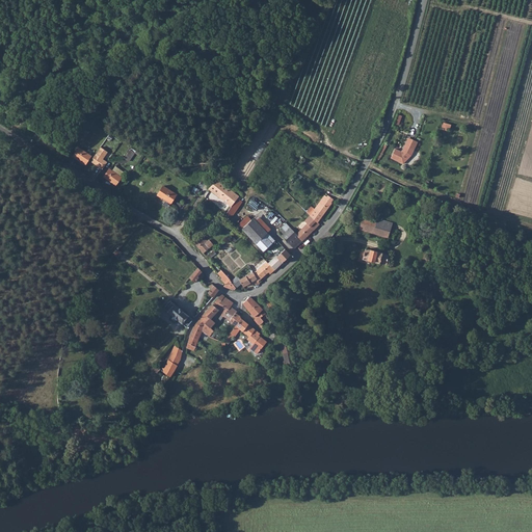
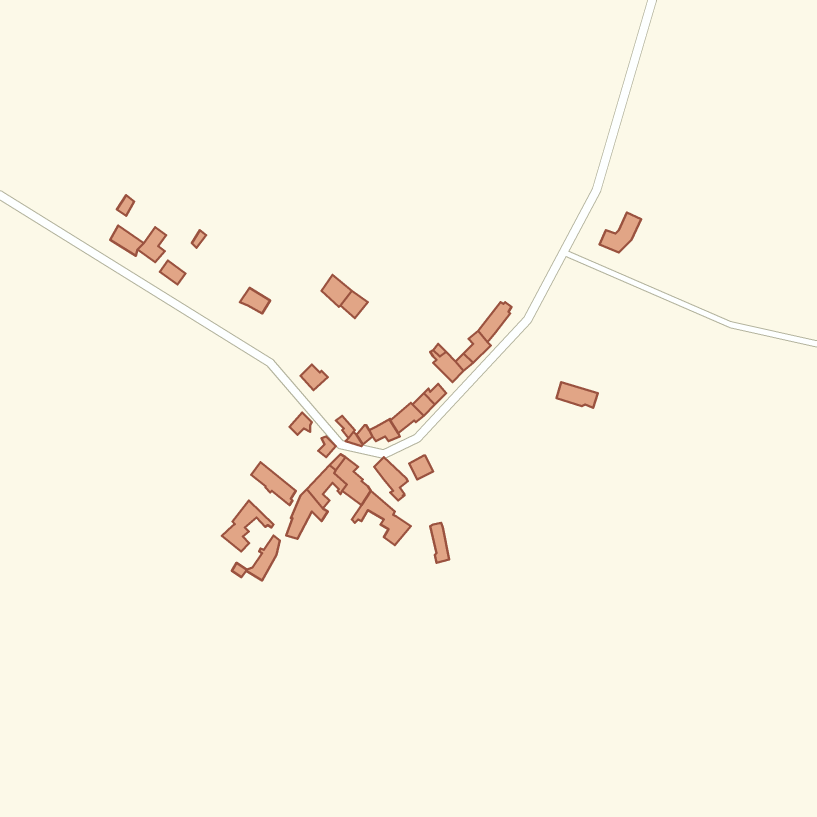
building: [360,217,394,237] -> none
building: [241,218,274,254] -> none
building: none -> [222,500,273,552]

